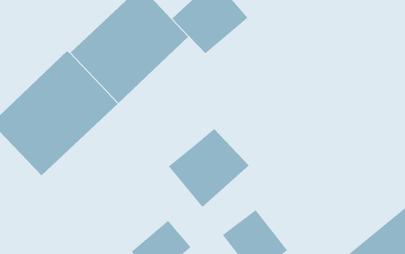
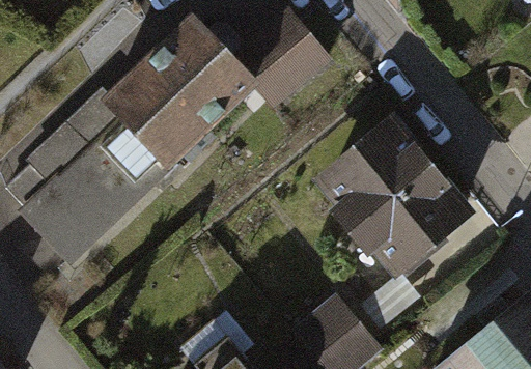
building: none -> [327,127,459,262]
building: [168,128,250,208] -> none

